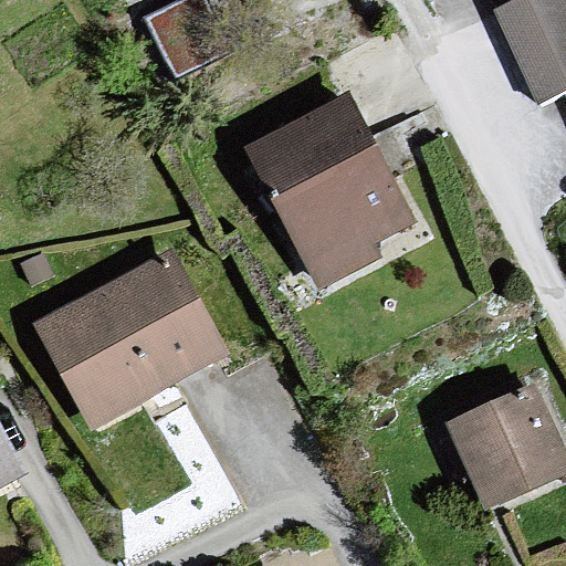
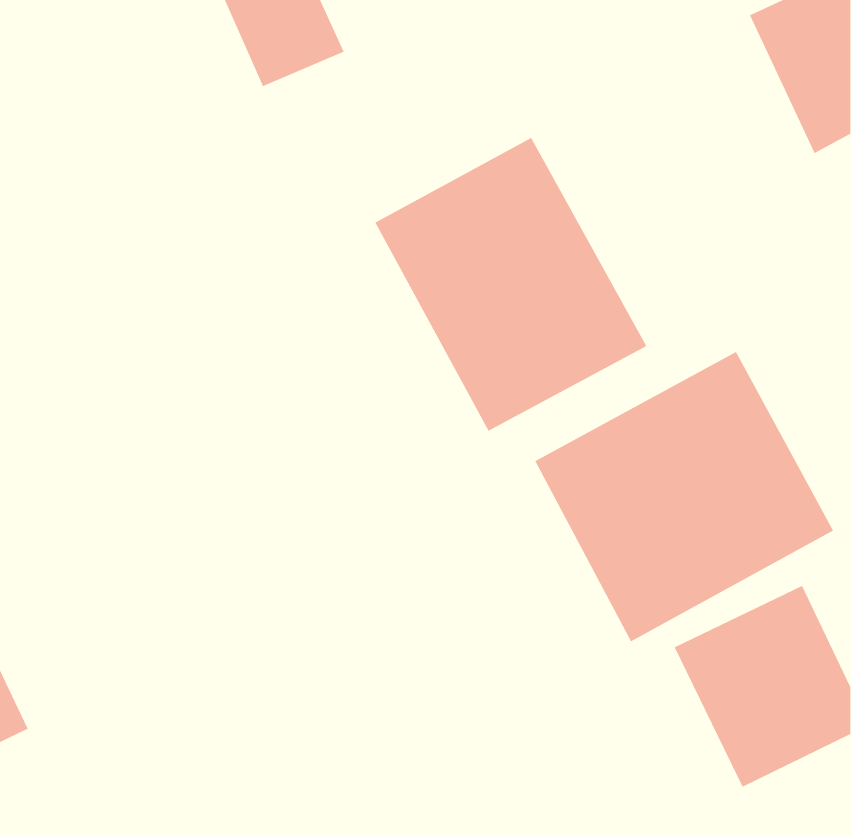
building: none -> [535,351,834,642]
building: [30,248,226,428] -> none

